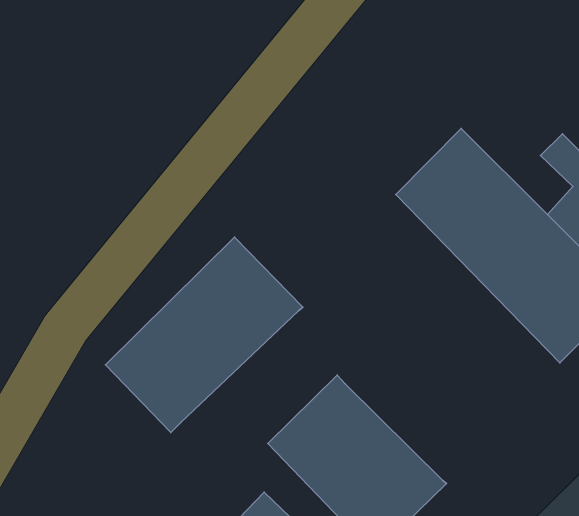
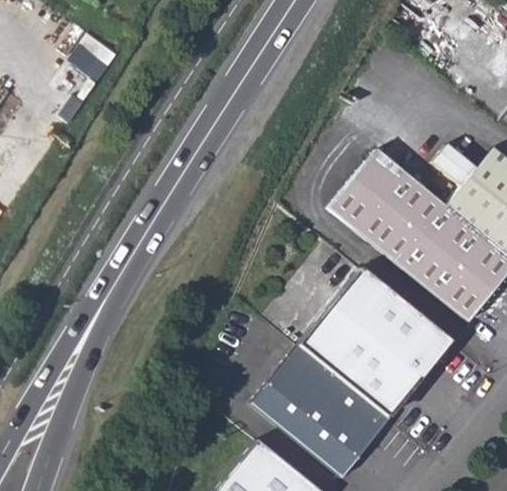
building: [105,237,303,433] -> none
building: none -> [301,269,454,417]

